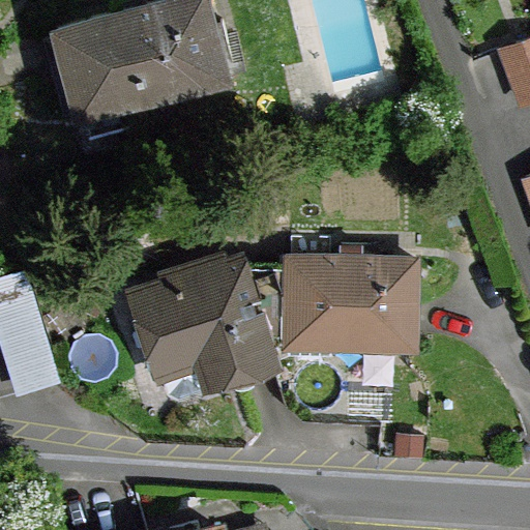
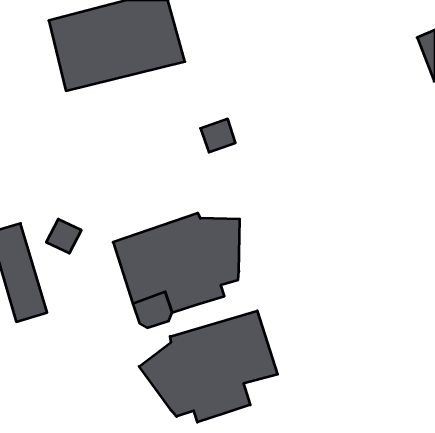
building: [289,260,414,347] -> none
building: none -> [139,311,278,422]

